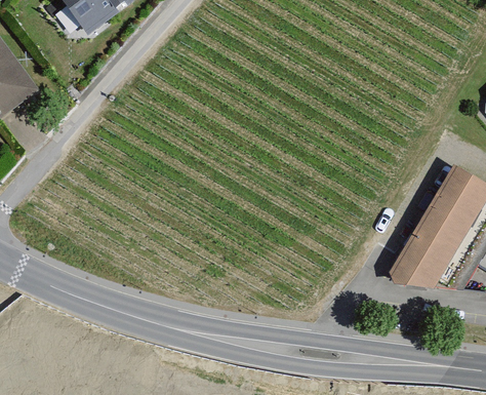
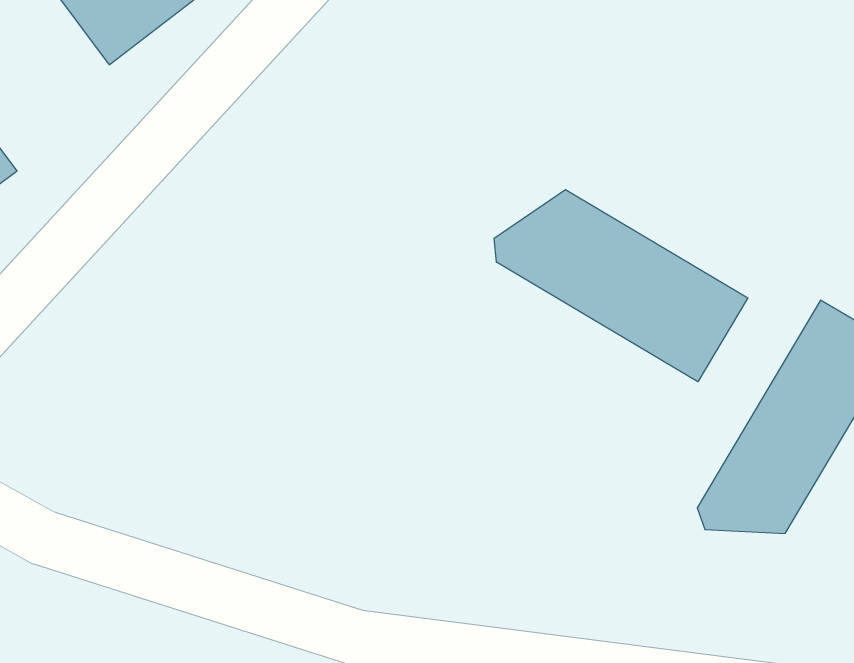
building: none -> [494,190,748,382]

